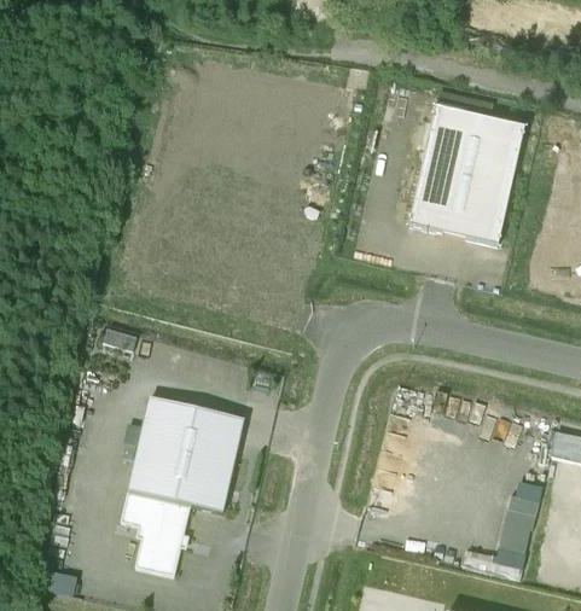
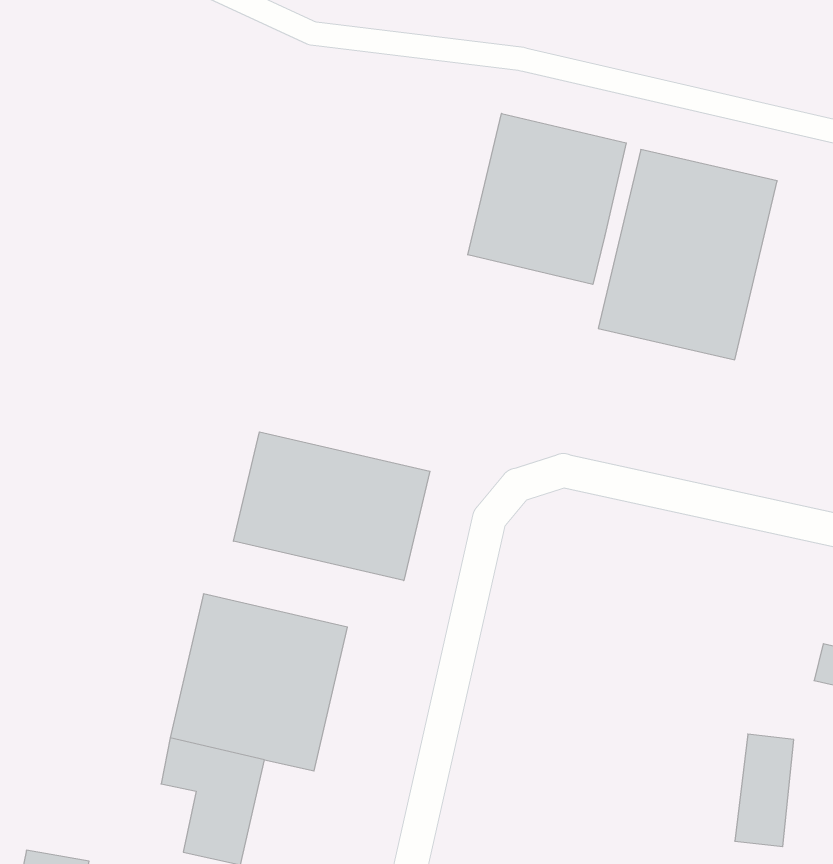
building: none -> [468,113,626,284]
building: none -> [233,432,430,581]

